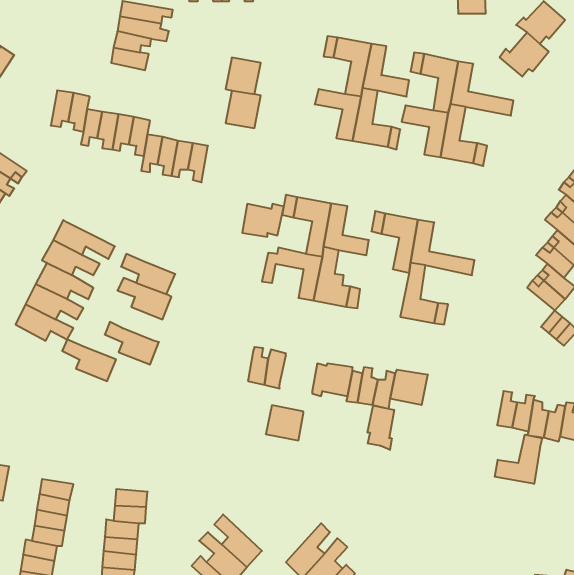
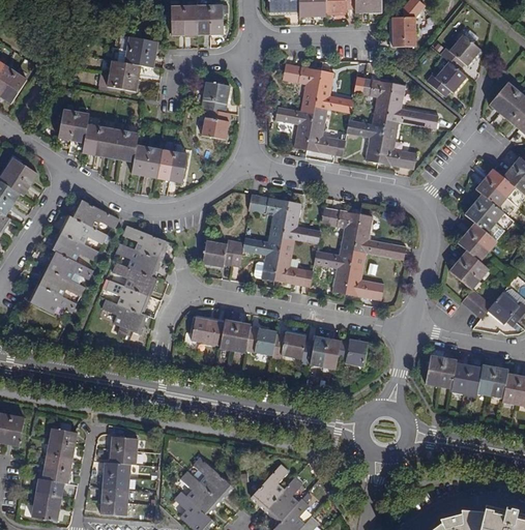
building: none -> [70,198,119,229]
building: [242,204,284,237] -> [202,239,236,266]
building: none -> [122,225,167,259]
building: none -> [314,251,352,294]
building: [62,339,116,381] -> [105,279,149,314]
building: none -> [191,317,224,346]
building: [266,405,303,440] -> [245,326,276,355]
building: [368,406,394,450] -> none
building: [495,435,542,484] -> none

